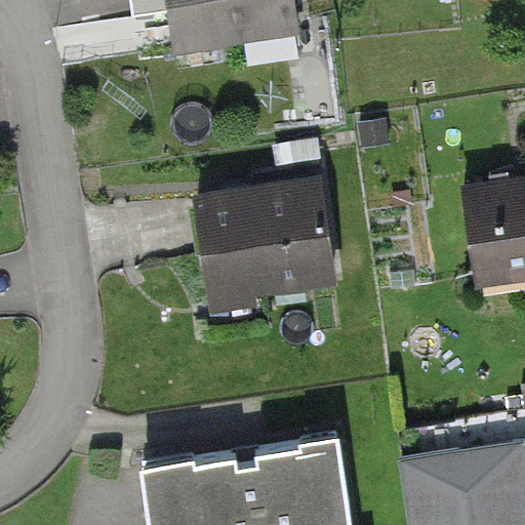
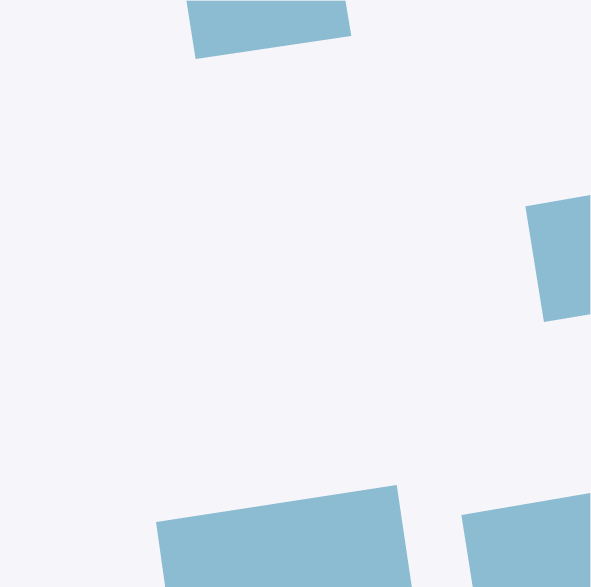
building: [192,174,351,302] -> none

